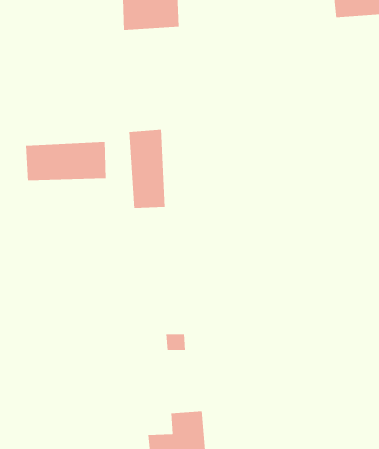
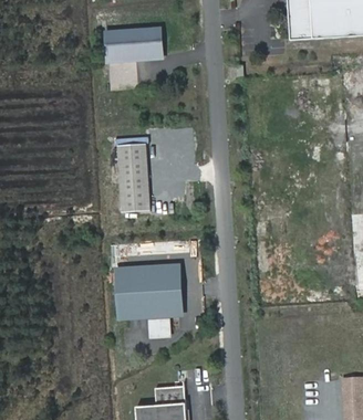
building: [25,141,106,181] -> none
building: none -> [115,264,173,308]

